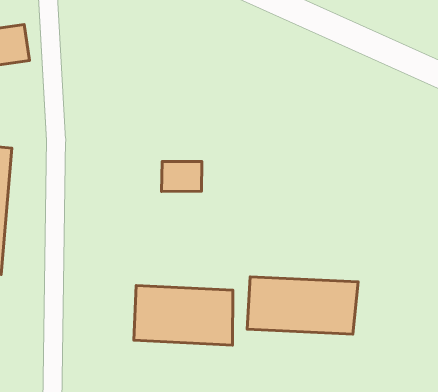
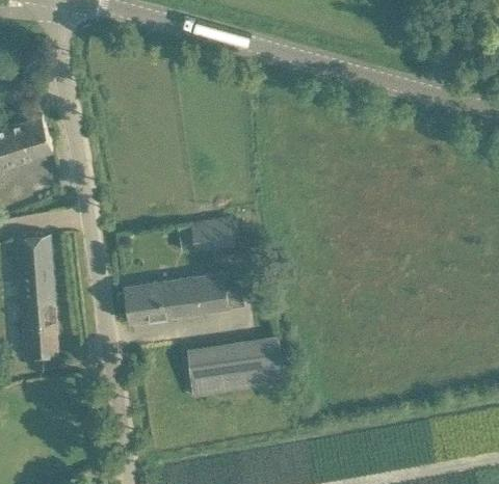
building: none -> [126,271,244,324]
building: [247,277,358,334] -> none

